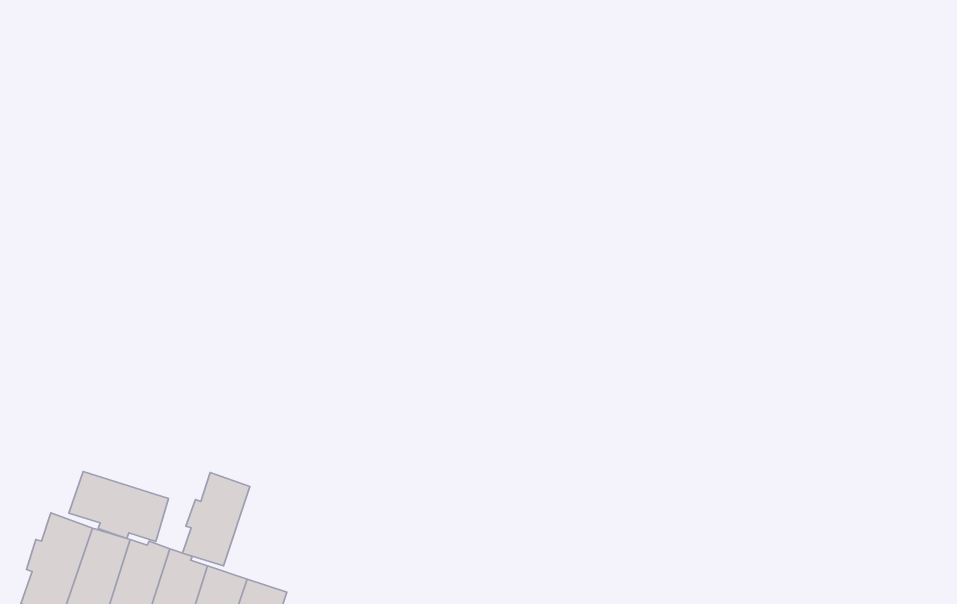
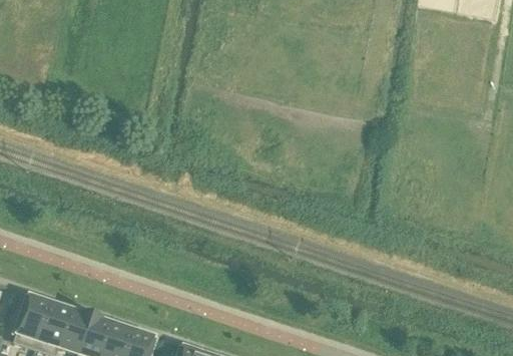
building: [69,472,169,541] -> none
building: [183,472,250,566] -> none

